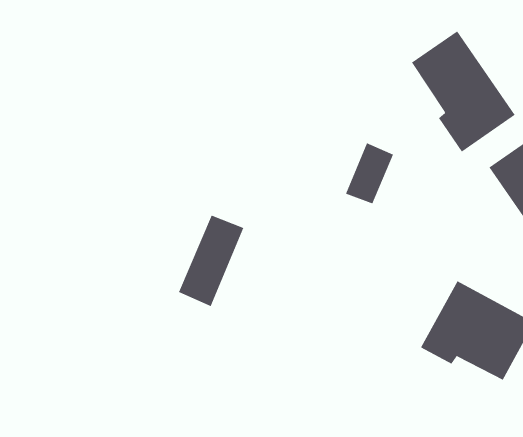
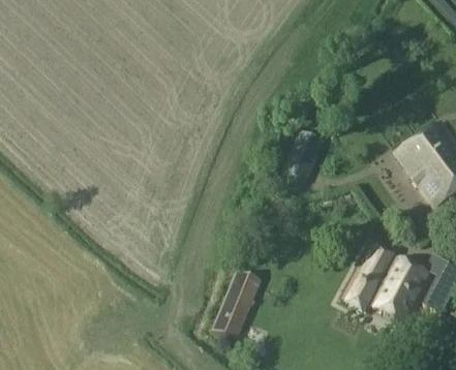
building: [411,30,515,152] -> none
building: [178,215,244,307] -> [210,270,262,342]

